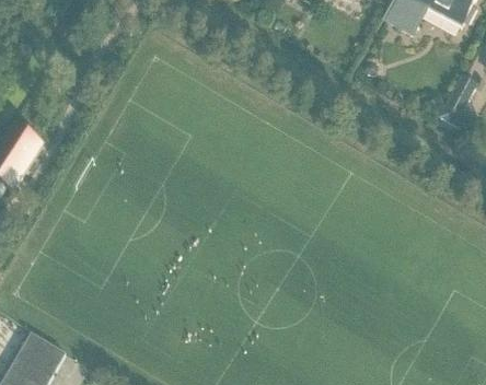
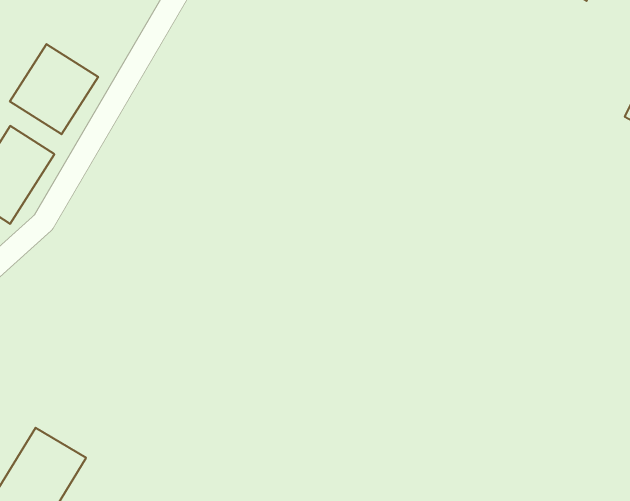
building: none -> [10,44,98,134]

